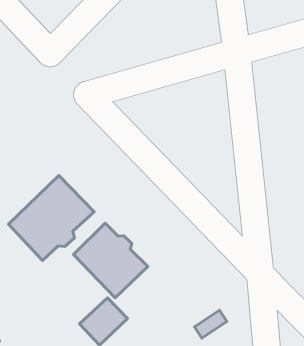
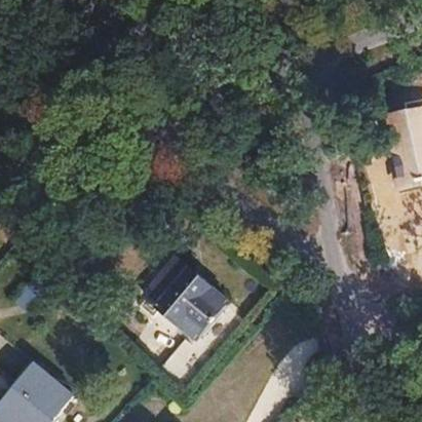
building: [8,175,94,261] -> none

